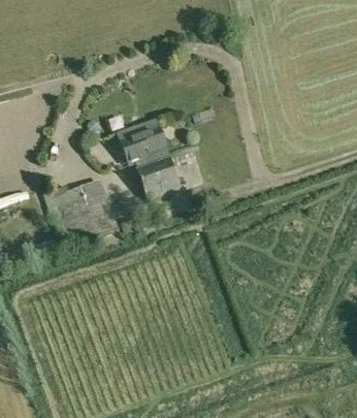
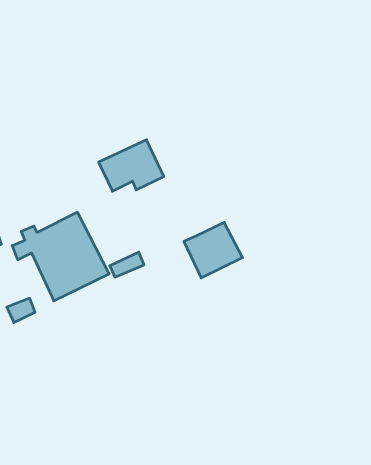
building: [136,155,181,196] -> [184,222,243,278]

